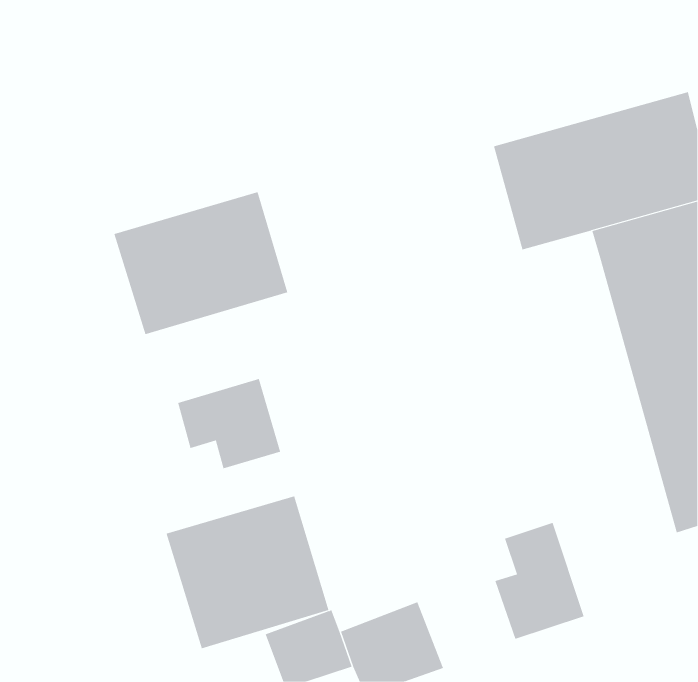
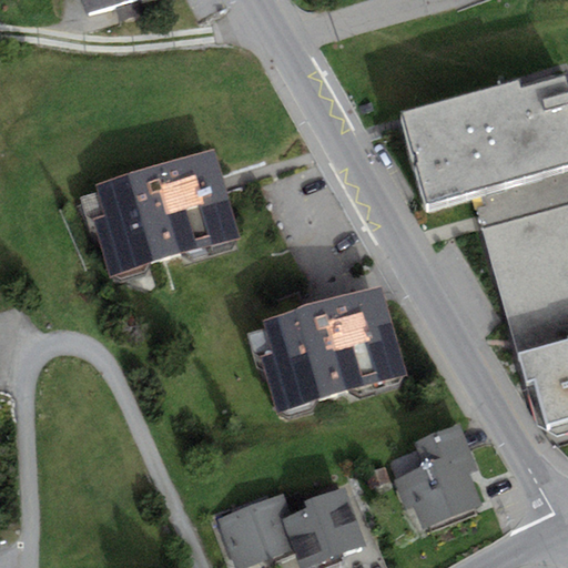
building: none -> [260,291,406,410]
building: [177,378,281,469] -> none
building: [166,495,329,649] -> none

